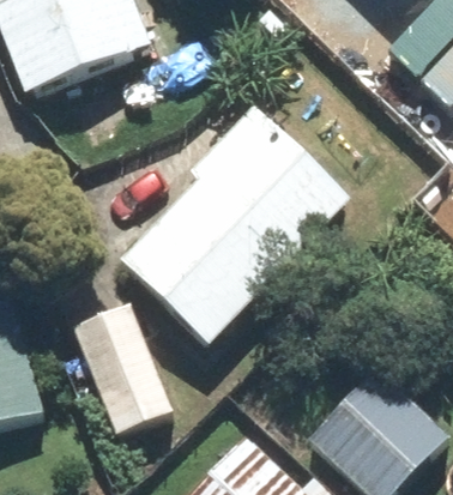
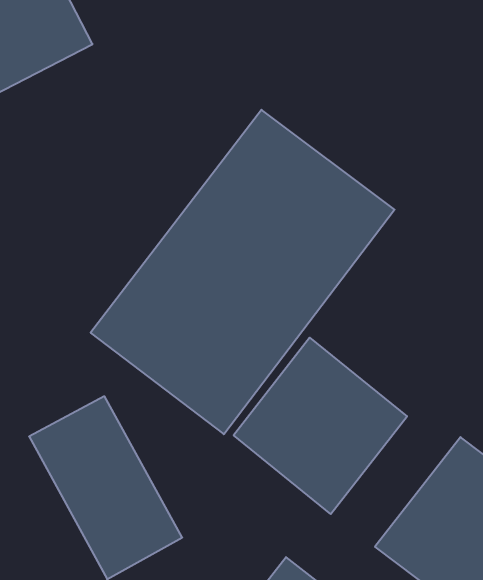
building: none -> [234,338,407,514]

